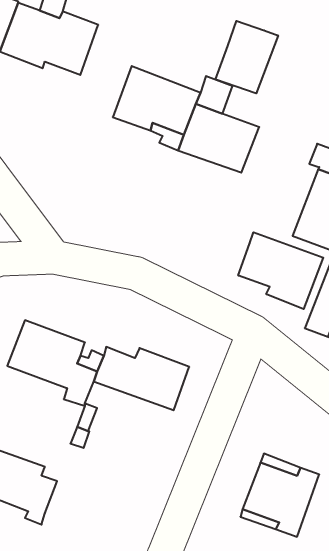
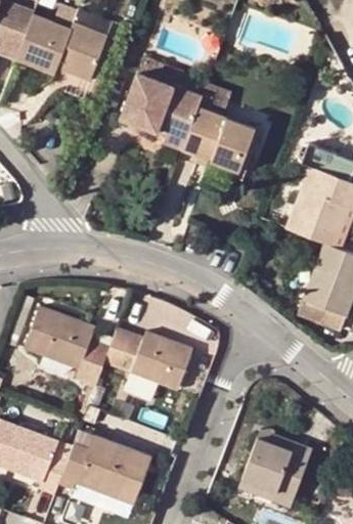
building: [215,21,278,93] -> none
building: [238,232,323,309] -> none
building: none -> [58,435,150,504]

